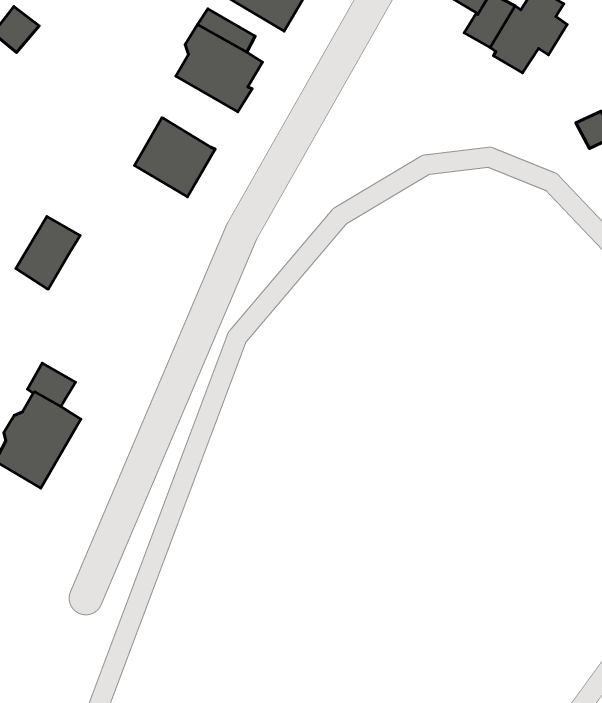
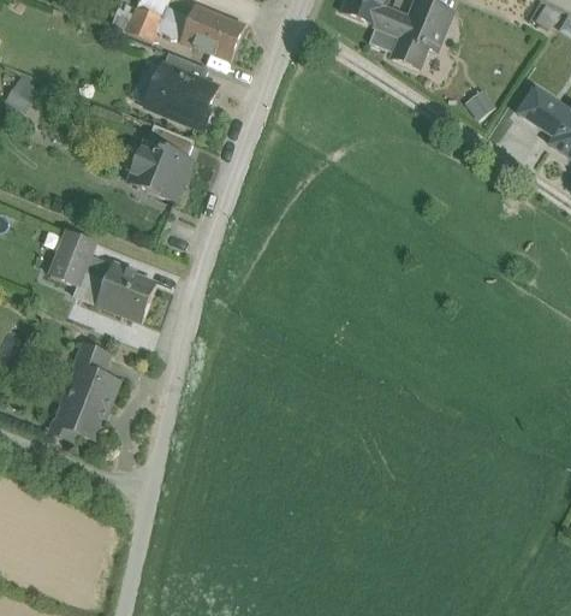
building: none -> [147,124,194,158]
building: none -> [75,255,155,320]

